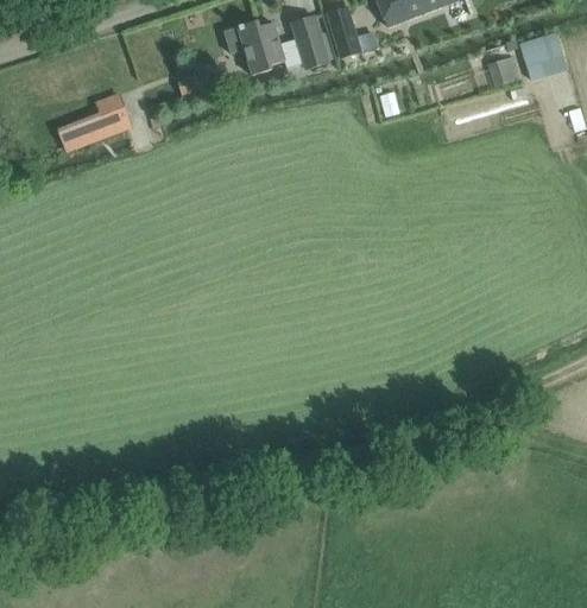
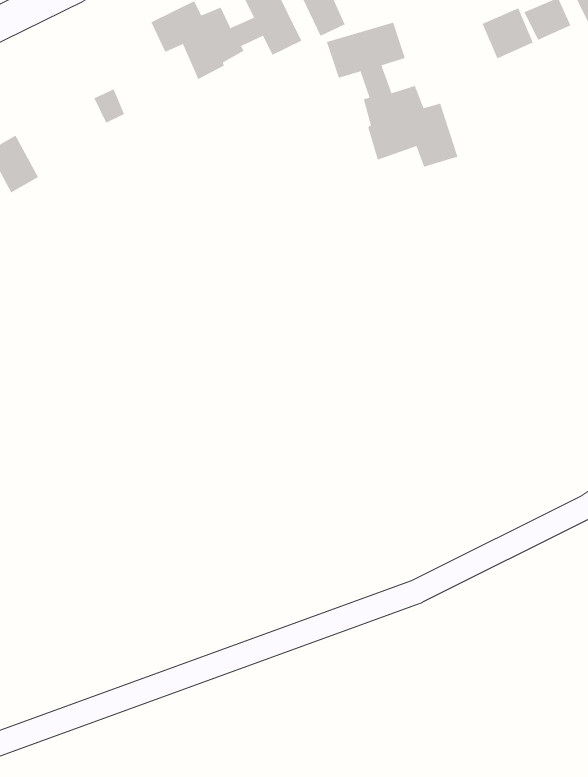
building: none -> [326,22,458,168]
building: none -> [482,8,534,59]

